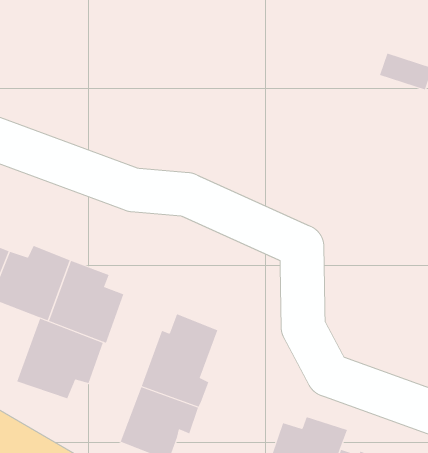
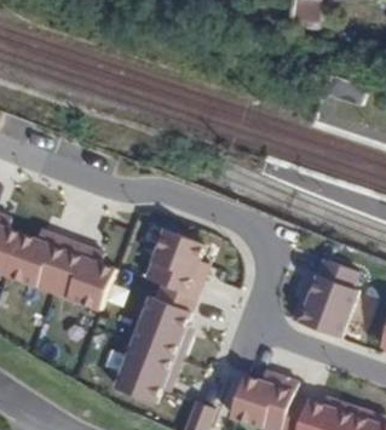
building: none -> [143,231,204,299]
building: none -> [292,259,357,338]
building: [16,318,104,399] -> none

